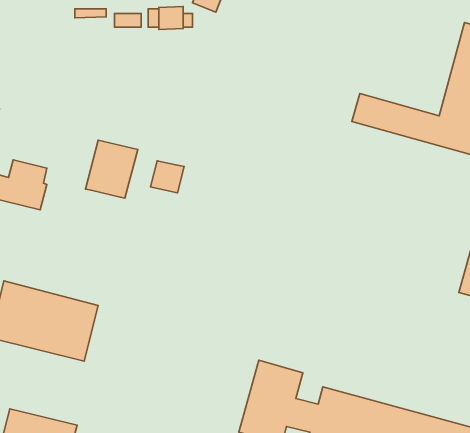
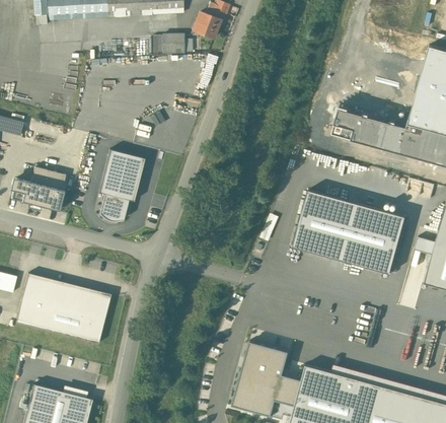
building: [150,161,184,193] -> none
building: none -> [292,190,404,274]
building: none -> [98,194,129,222]

